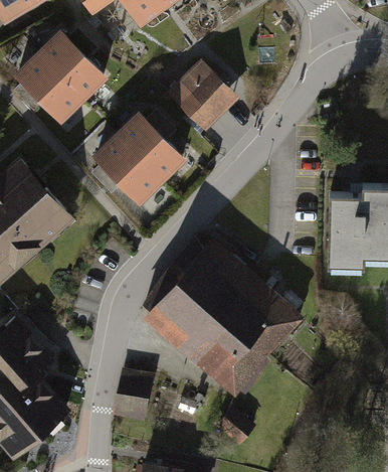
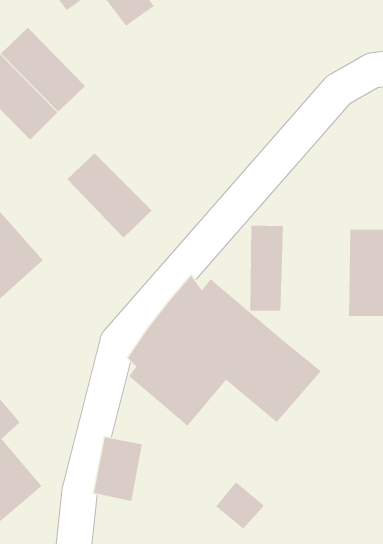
building: [166,58,239,131] -> none
building: [115,109,186,180] -> none
building: none -> [249,225,284,312]
building: [192,322,270,397] -> none

